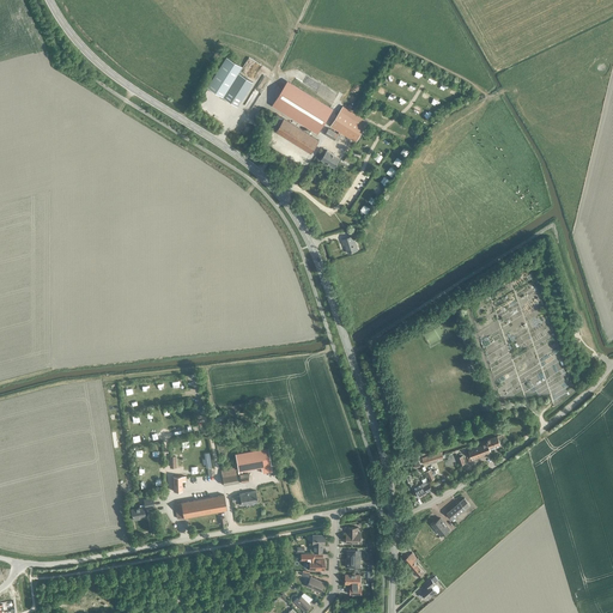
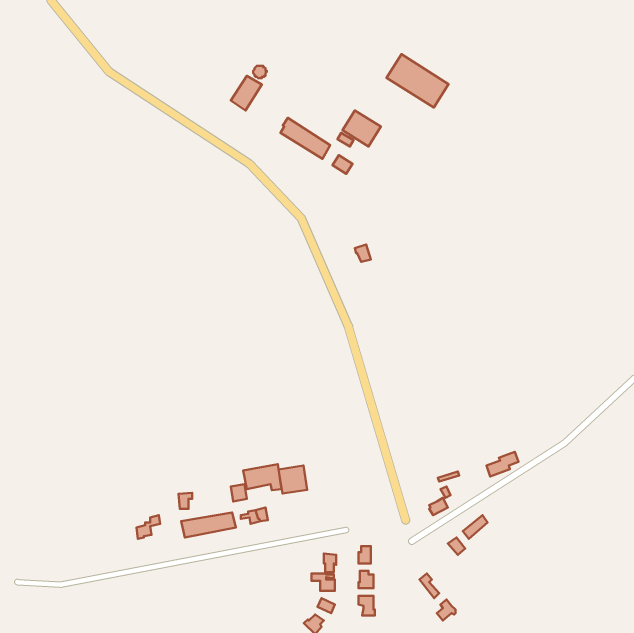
building: [207,57,242,98] -> none
building: [273,83,333,134] -> [387,54,449,108]
building: none -> [279,466,307,494]

